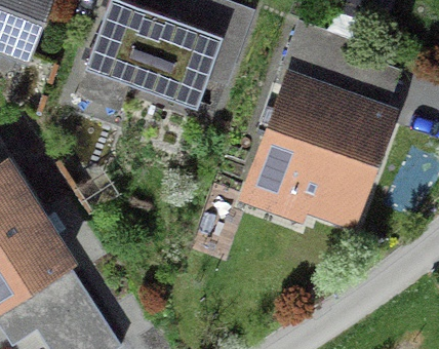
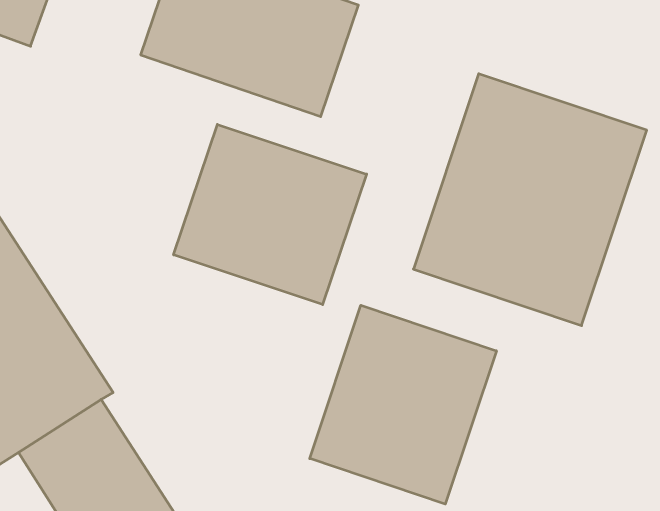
building: none -> [174,124,367,305]
building: none -> [310,305,496,504]

